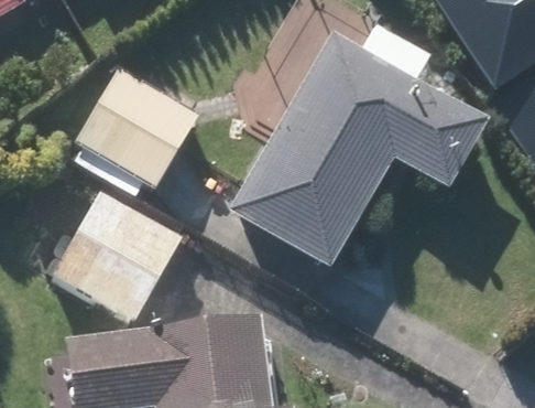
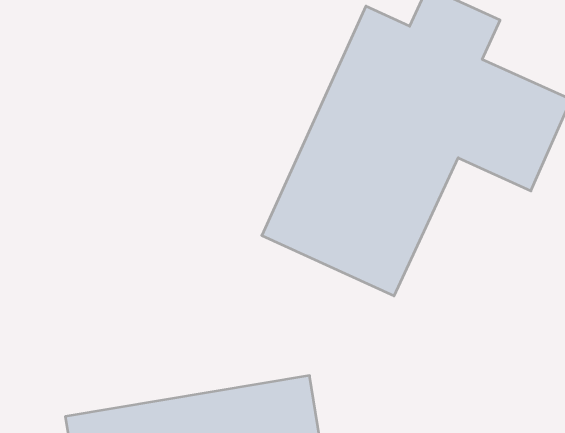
building: [64,62,198,198] -> none
building: [52,189,184,322] -> none

